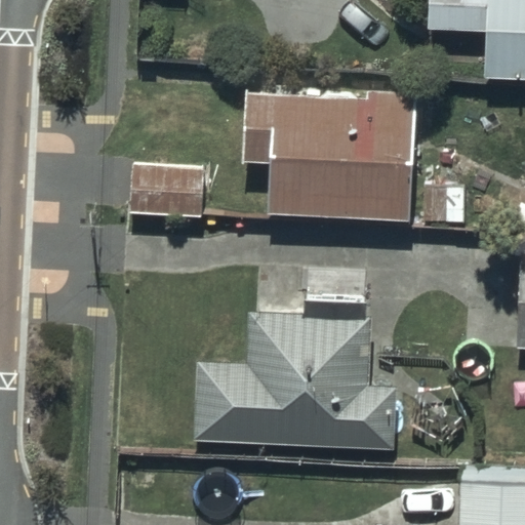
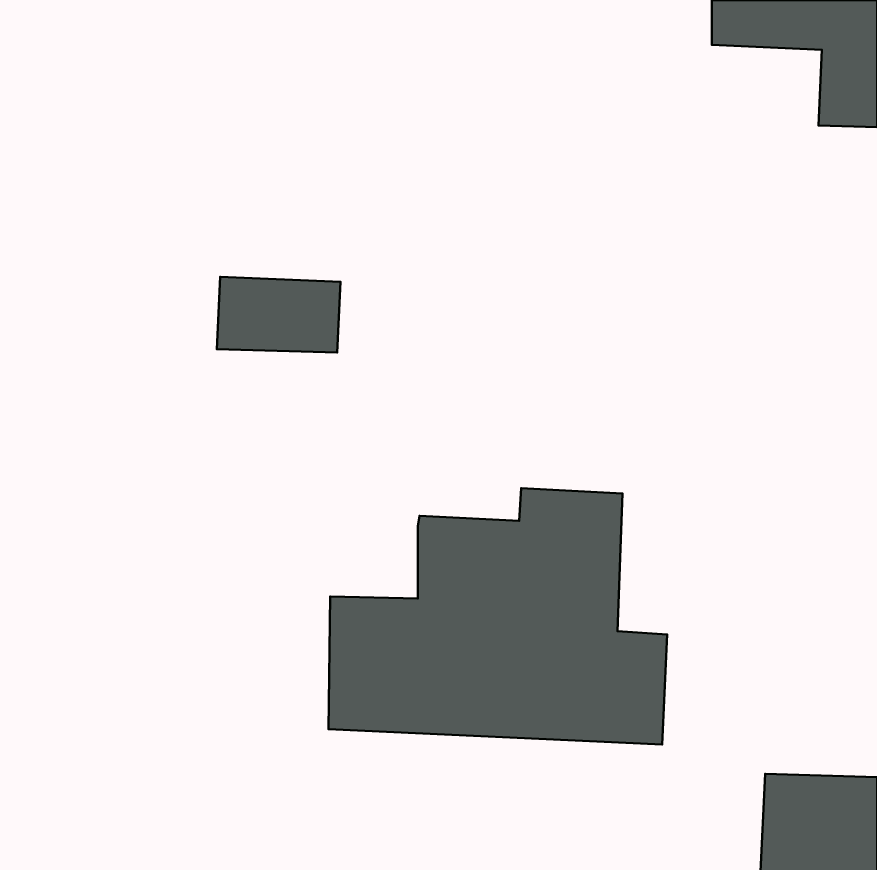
building: [243,92,422,221] -> none

